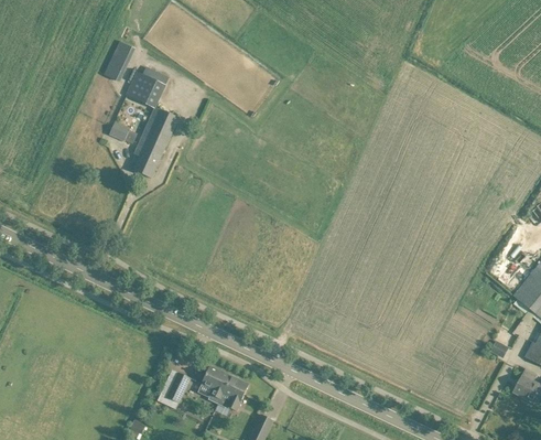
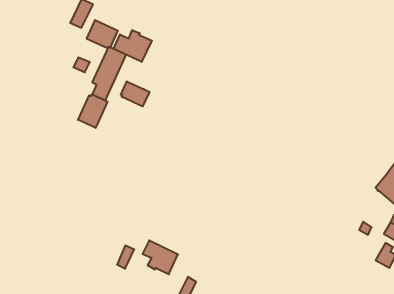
building: none -> [114,30,152,62]
building: none -> [121,81,149,106]
building: none -> [78,94,107,128]

